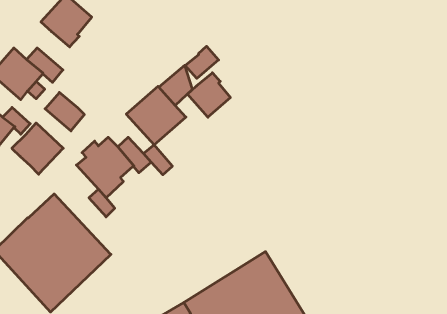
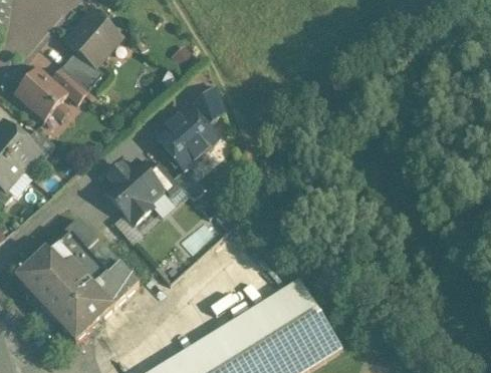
building: [185,46,219,78] -> none
building: [187,73,230,117] -> none
building: [45,92,84,131] -> [61,49,102,89]
building: [12,123,63,174] -> none

